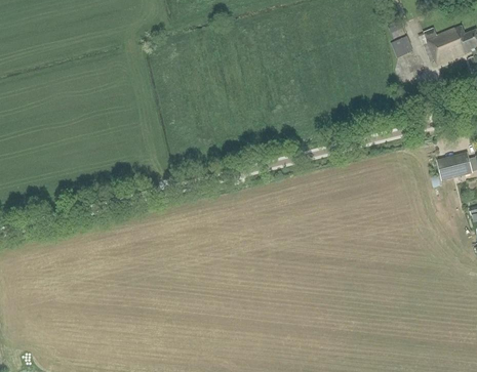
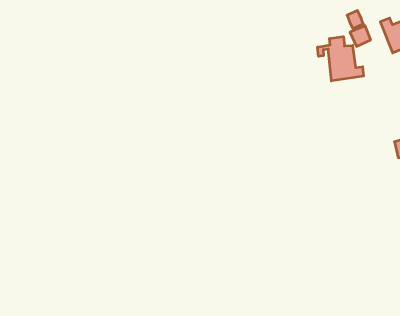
building: none -> [318,37,364,81]

